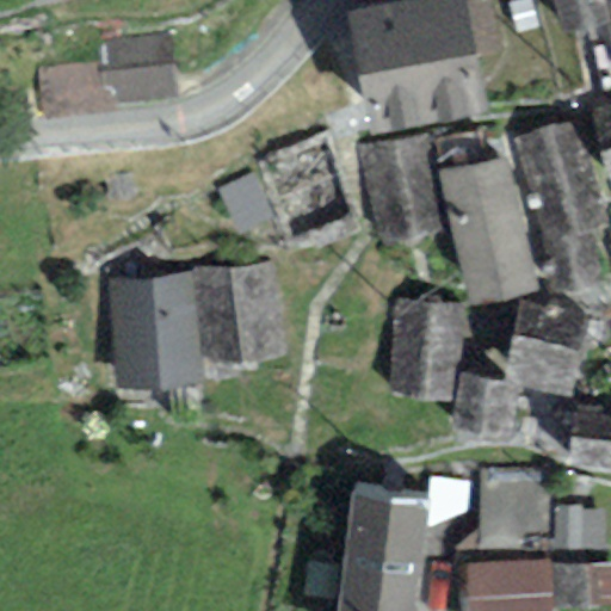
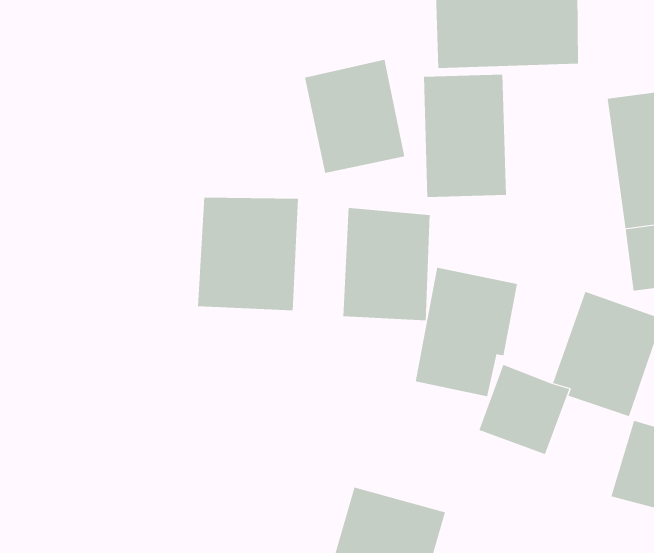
building: [439,154,539,308] -> none
building: none -> [343,207,430,321]
building: [109,271,205,389] -> none

